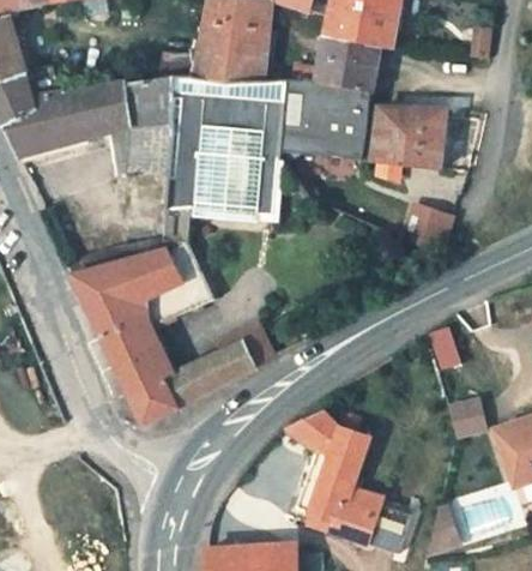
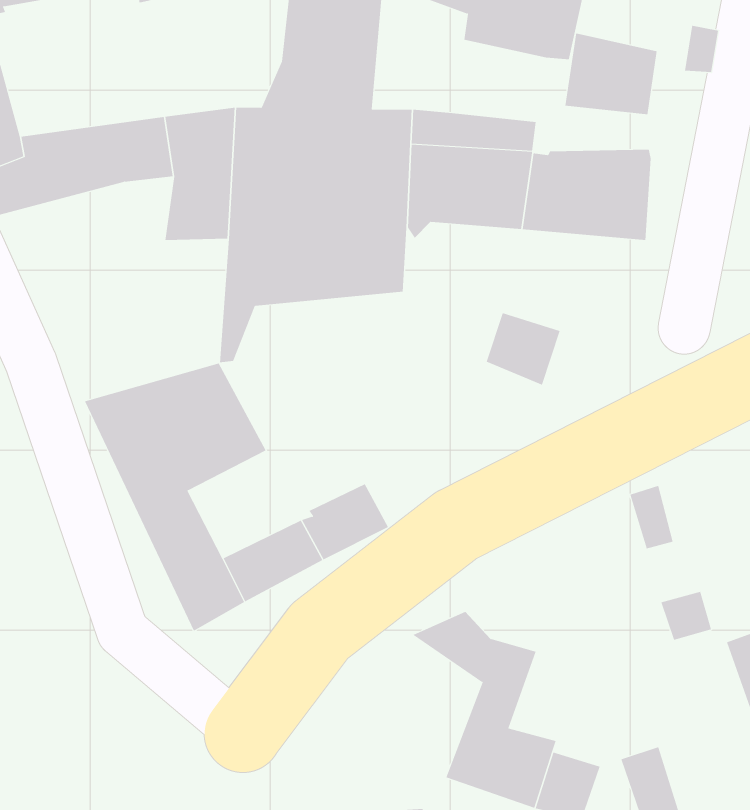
building: [314,35,375,89] -> [564,33,657,115]
building: [404,203,453,251] -> [486,313,561,386]

